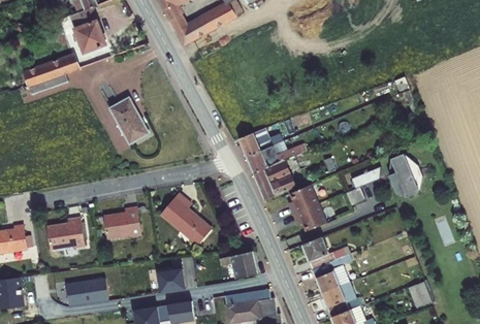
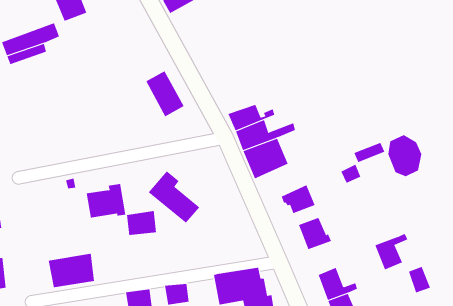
building: [116,97,153,141] -> [145,70,185,117]
building: [283,187,312,218] -> none
building: [43,216,81,247] -> none
building: [219,252,258,279] -> none
building: [313,257,345,292] -> [375,233,408,270]
building: [161,267,190,291] -> [126,211,157,236]

